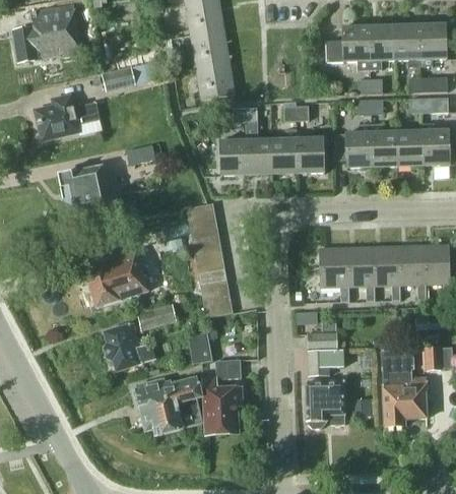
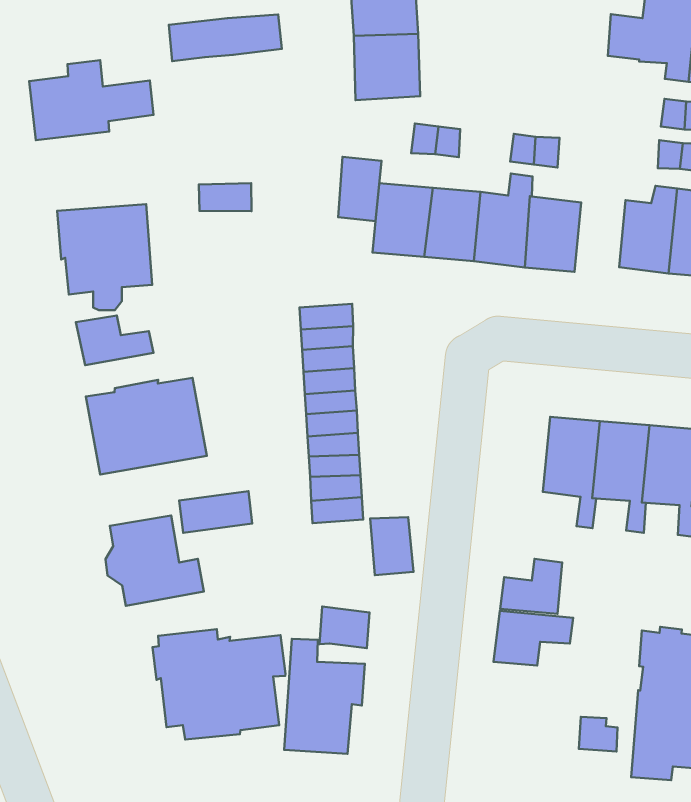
building: none -> [338,157,381,221]
building: none -> [76,315,153,365]
building: [189,330,214,362] -> [370,517,413,575]
building: [307,380,345,428] -> none

